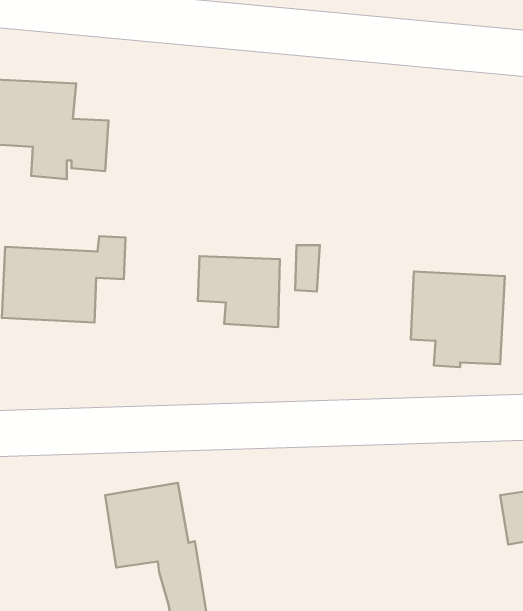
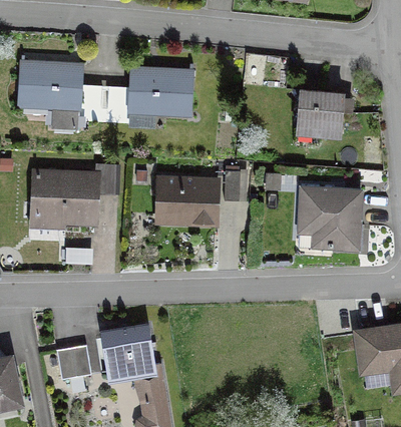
building: none -> [106,68,192,123]
building: none -> [298,89,344,130]
building: none -> [57,344,91,379]

